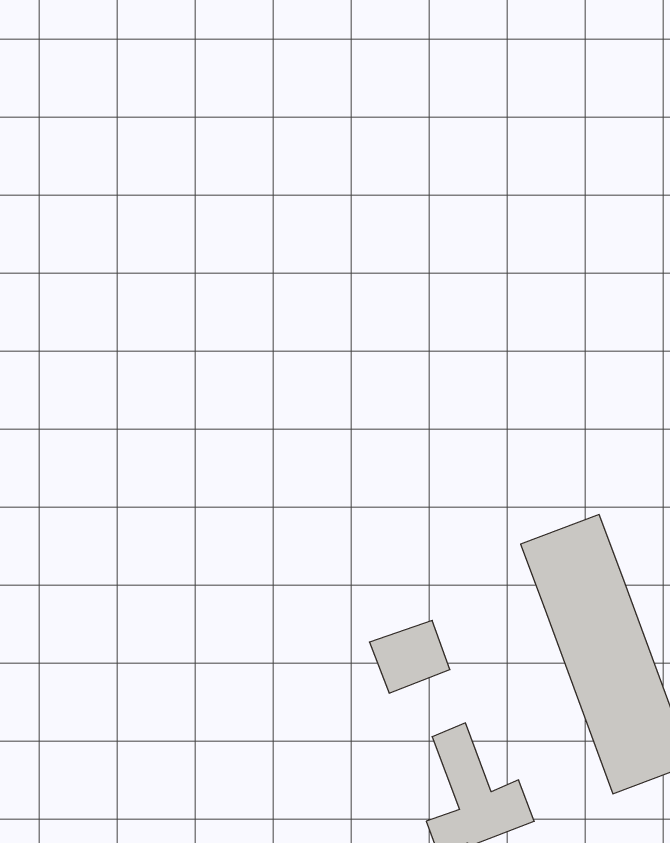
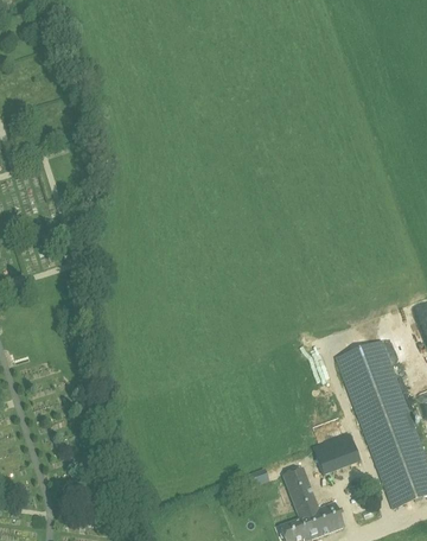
building: [369,620,450,693] -> [311,432,359,476]

